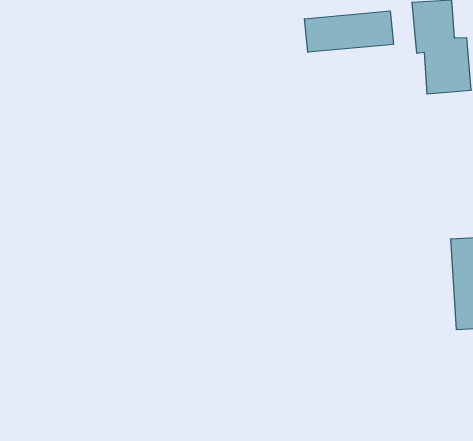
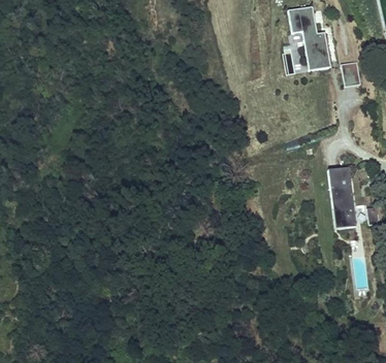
building: [304,11,393,52] -> none

